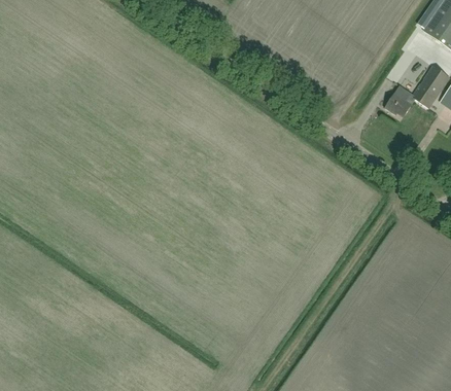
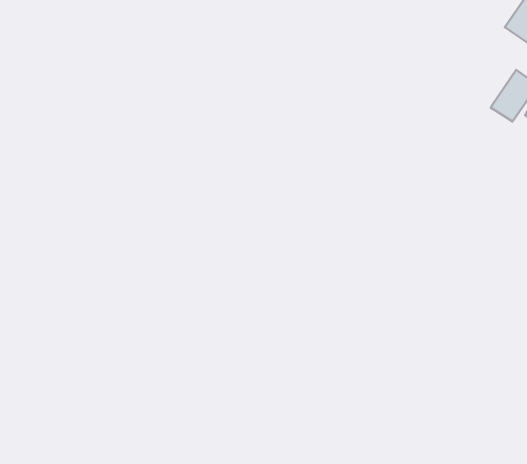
building: [385,84,415,116] -> none

